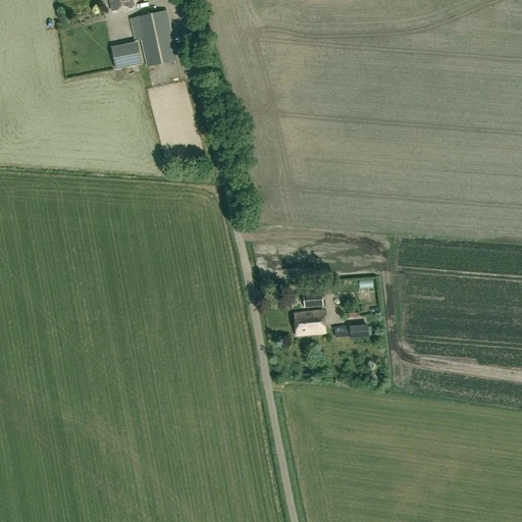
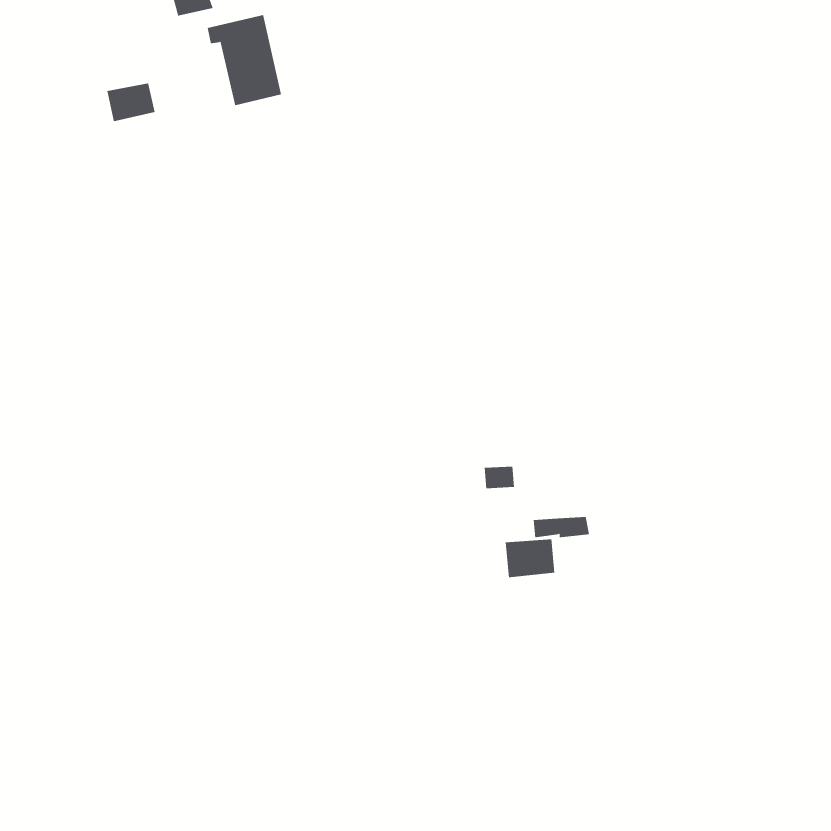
building: [111,44,142,68] -> [107,83,155,122]
building: [294,310,325,334] -> [505,539,555,578]

